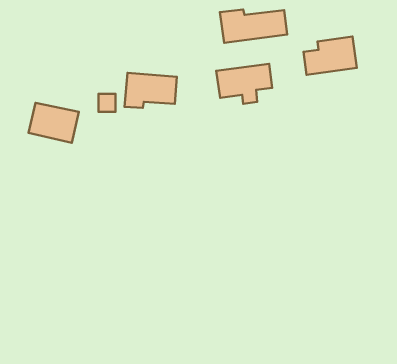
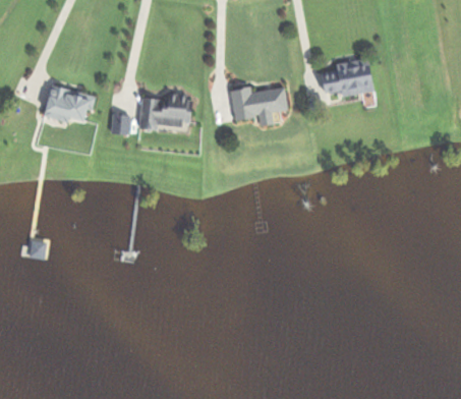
building: [220,10,287,43] -> none
building: [29,103,79,143] -> [43,86,94,126]

